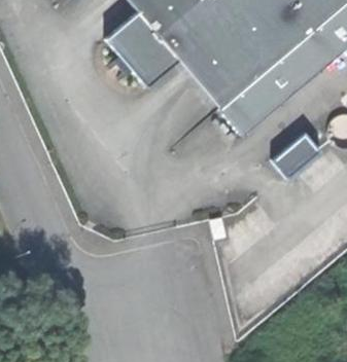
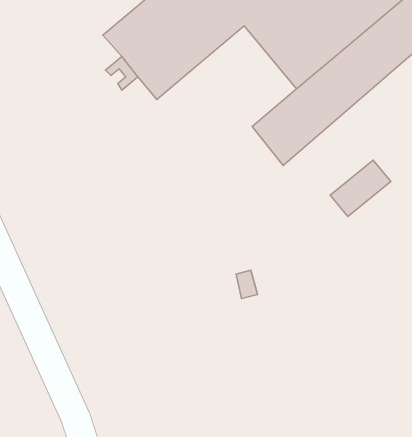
building: [179,29,253,106] -> none

